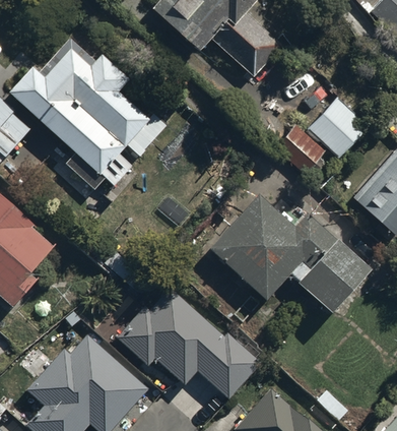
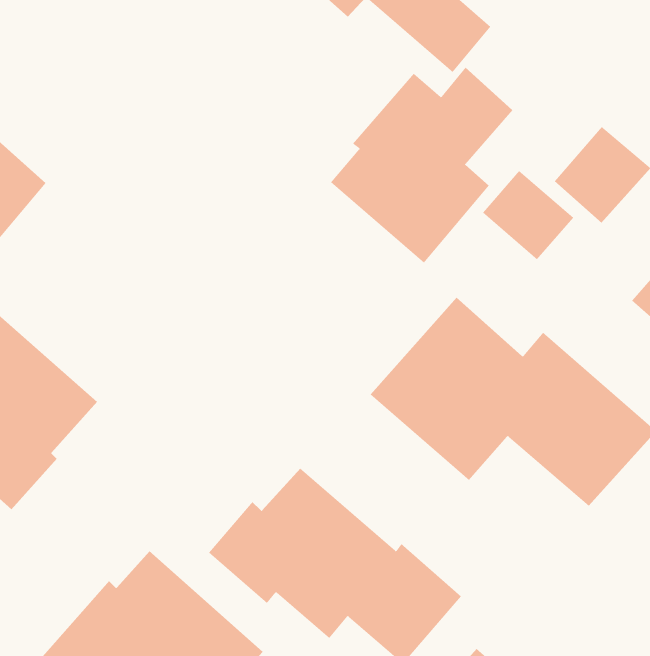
building: [10,60,151,194] -> none
building: none -> [330,67,513,263]

